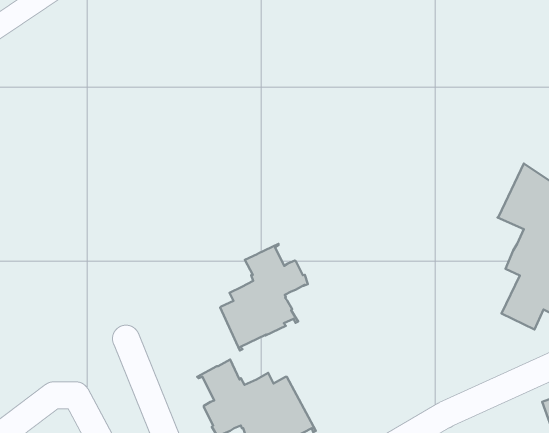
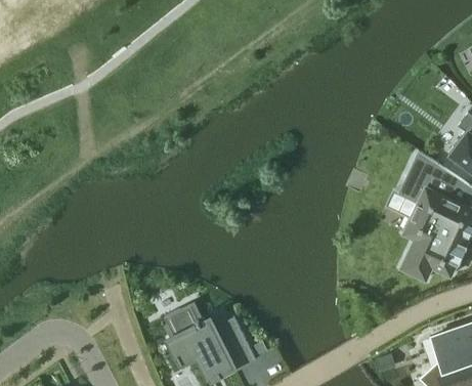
building: [220,244,308,351] -> none

